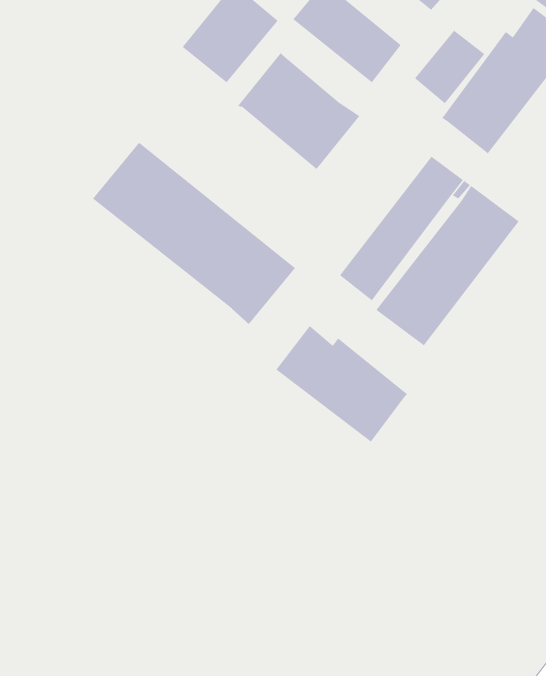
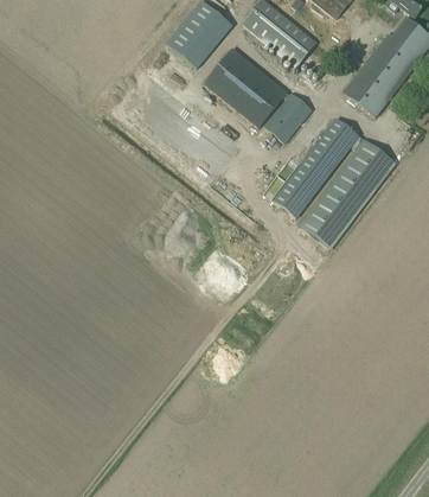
building: [414,30,485,104] -> [263,91,312,142]
building: [92,142,296,325] -> none
building: [276,325,408,442] -> none

